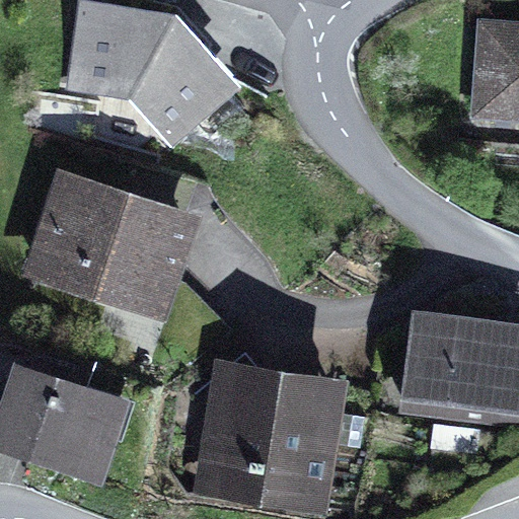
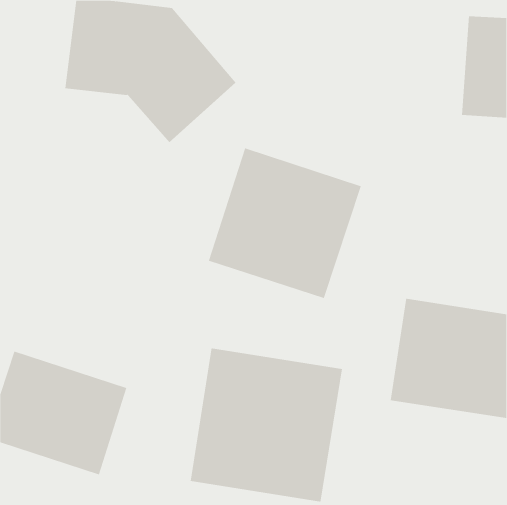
building: none -> [208,147,362,299]
building: [21,168,203,324] -> none

